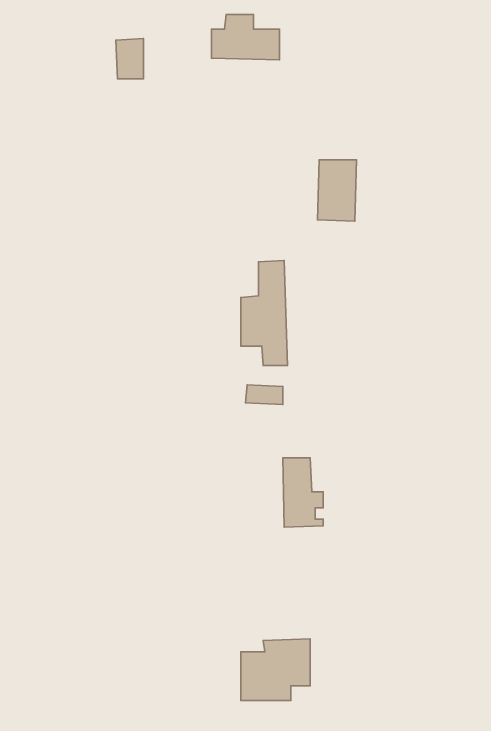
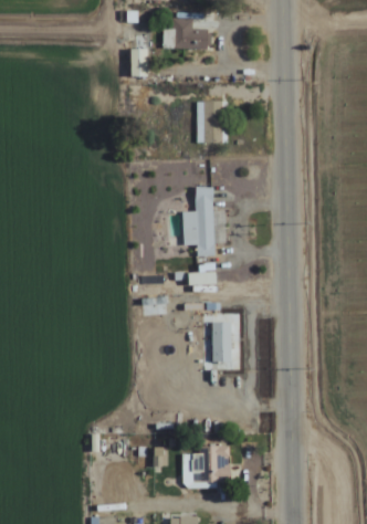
building: [116,38,143,79] -> [129,48,148,75]
building: [318,160,356,221] -> [197,101,223,143]

